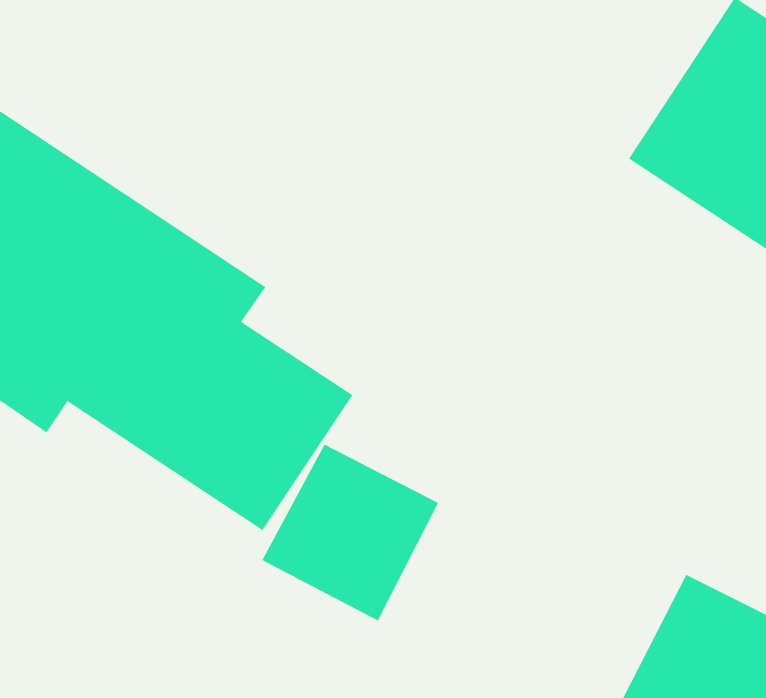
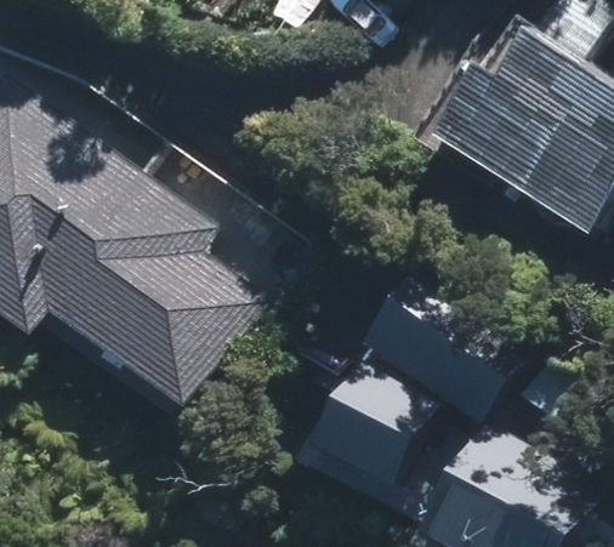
building: none -> [373,286,531,427]
building: [261,444,439,621] -> [322,374,445,497]

